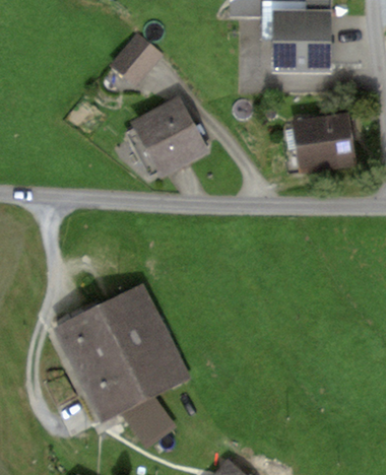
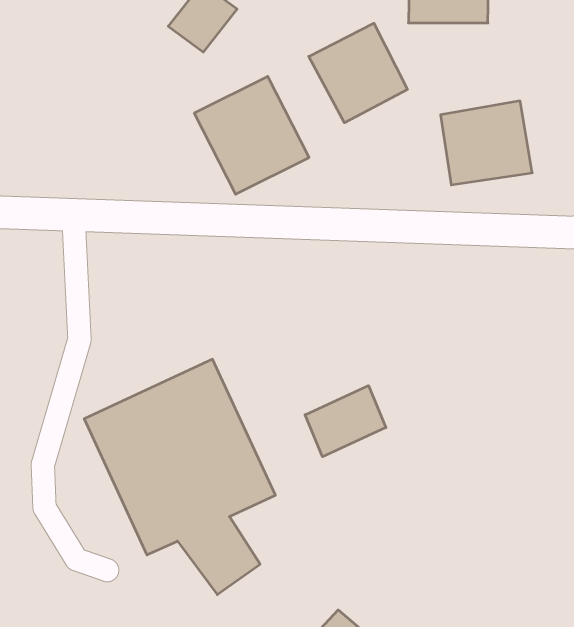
building: none -> [309,23,407,123]
building: none -> [305,386,386,457]

